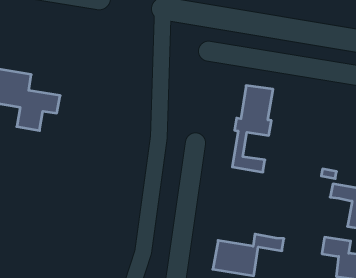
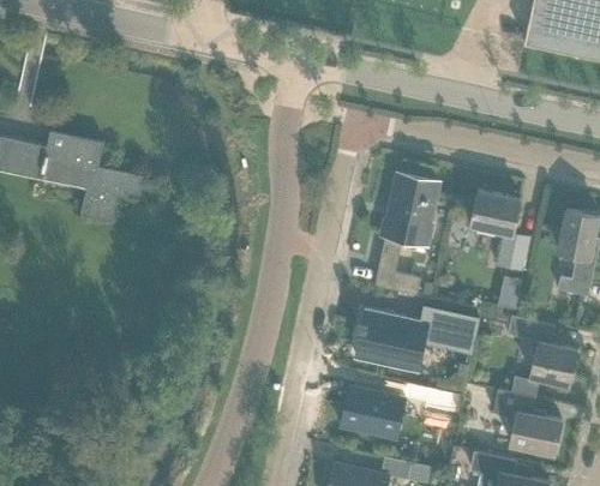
building: none -> [470,191,530,270]
building: none -> [355,307,468,370]

